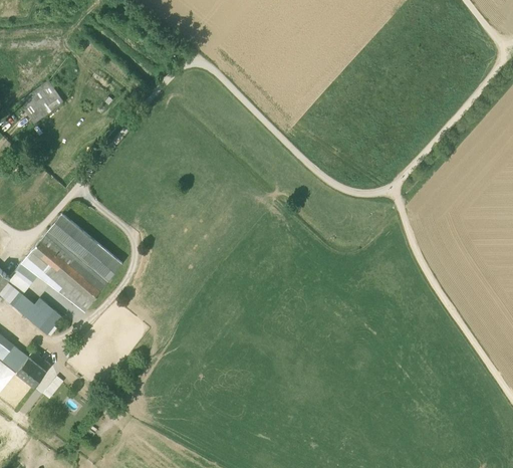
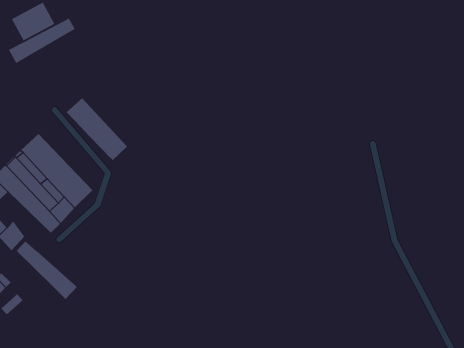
building: none -> [8,18,76,64]
building: none -> [66,97,128,161]
building: none -> [16,240,78,300]

